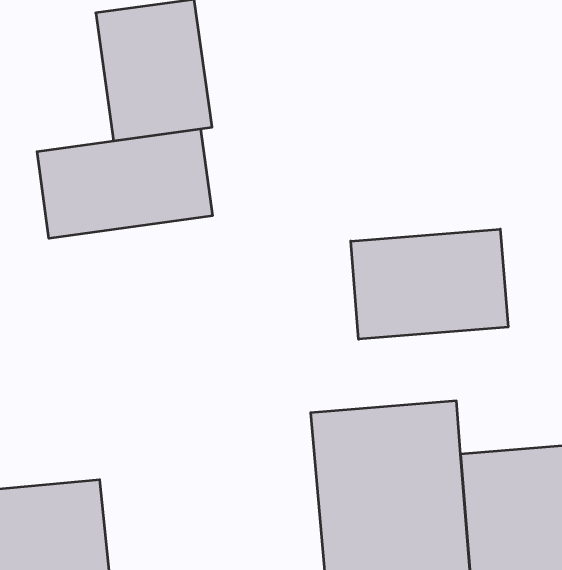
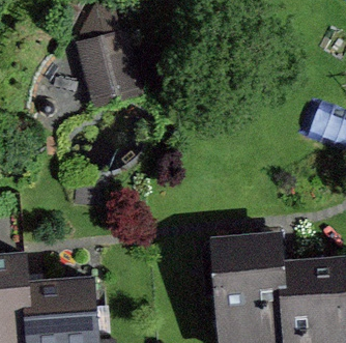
building: [37,129,212,238] -> none
building: [351,229,508,339] -> none

